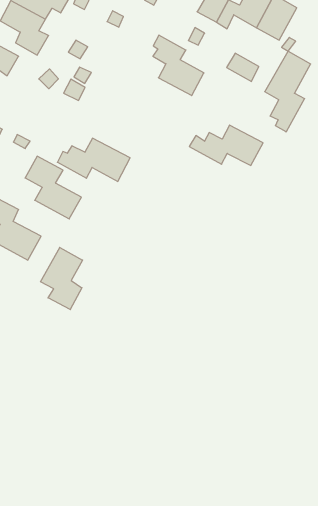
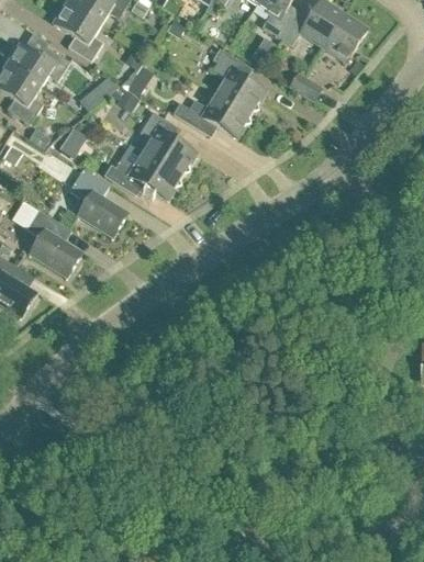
building: [265,51,311,132] -> none
building: none -> [140,111,196,175]
building: [189,125,263,165] -> [172,92,250,136]
building: [41,247,83,310] -> none

